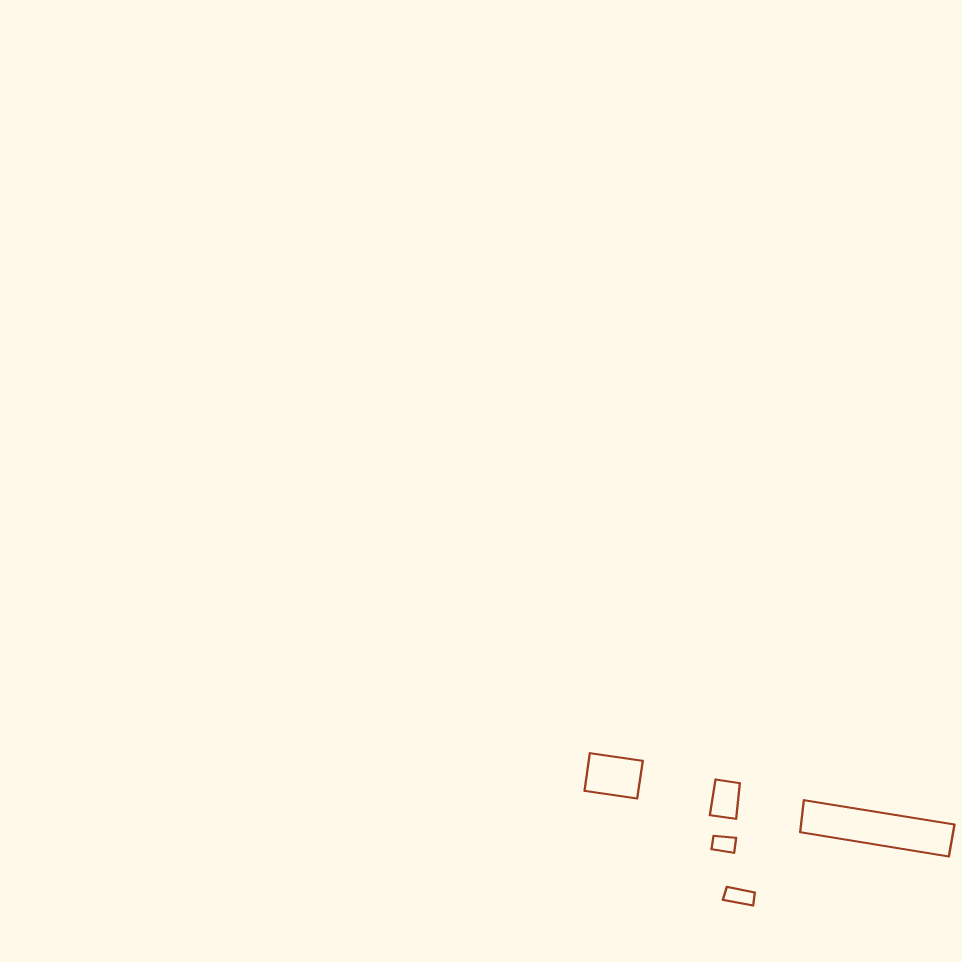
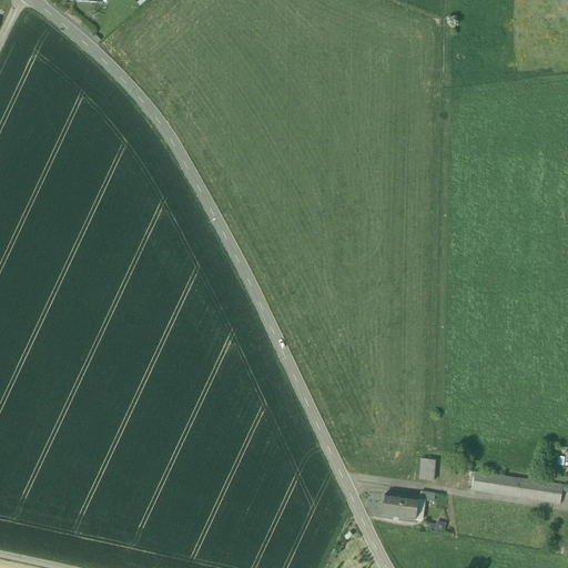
building: [584,753,643,798] -> [382,494,416,520]

